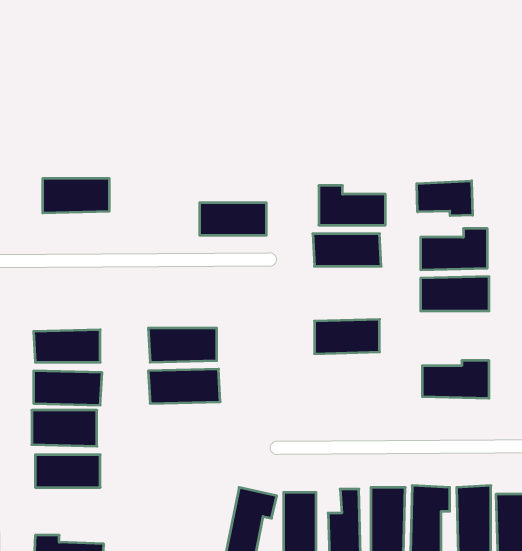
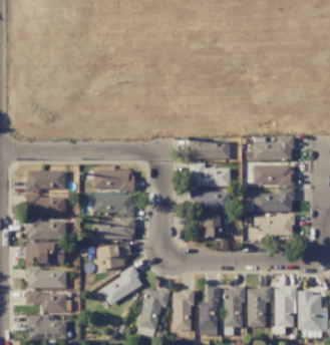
building: [43,179,109,213] -> [26,170,65,191]
building: [417,181,473,216] -> none
building: [319,186,385,225] -> [191,163,230,187]
building: [200,203,266,235] -> [94,170,133,190]
building: none -> [254,188,293,211]
building: none -> [199,215,225,238]
building: none -> [94,242,130,270]
building: none -> [99,269,142,305]
building: none -> [25,291,66,312]

